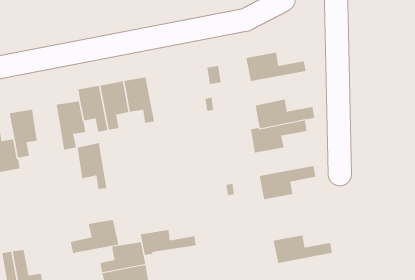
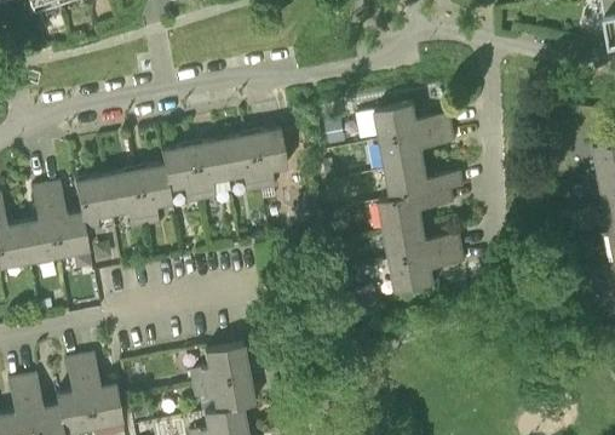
building: none -> [381,126,455,170]
building: none -> [249,127,288,190]
building: [77,143,107,189] -> [105,168,144,228]
building: [70,219,118,254] -> none
building: [140,229,196,255] -> none
building: [273,235,333,263] -> [386,223,462,259]

